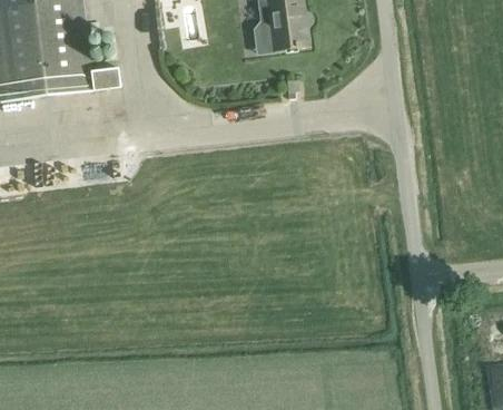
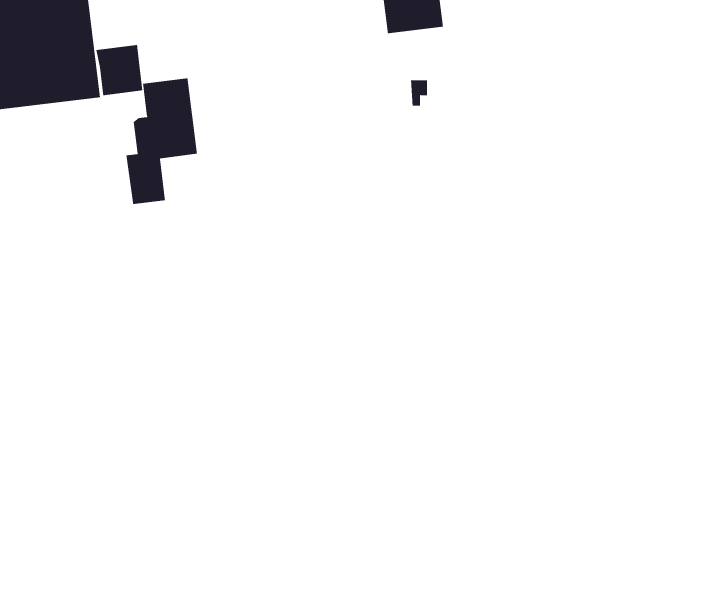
building: none -> [126,77,197,205]

